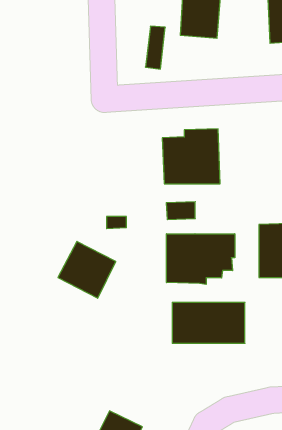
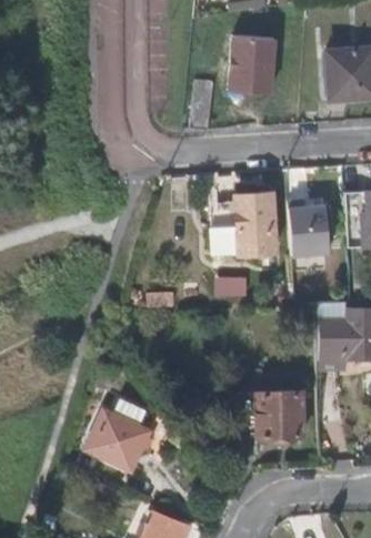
building: none -> [290,202,330,257]
building: [167,234,235,284] -> none
building: [58,241,116,298] -> [88,406,152,469]

